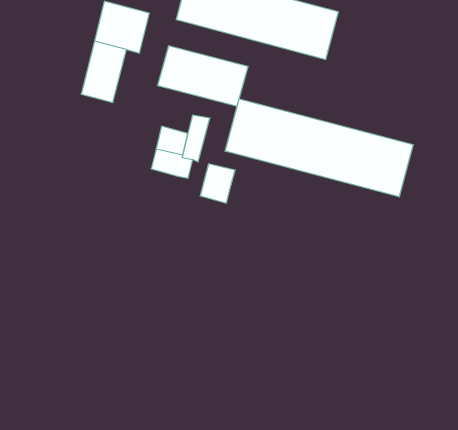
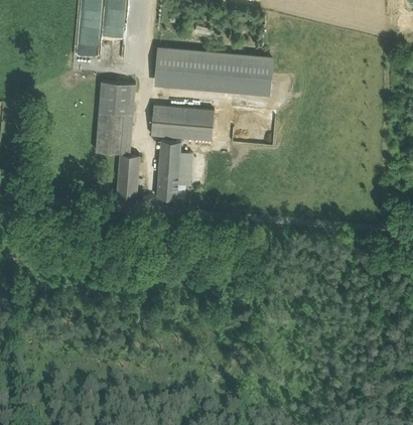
building: [225,99,413,197] -> none
building: none -> [116,154,139,196]
building: [200,164,235,203] -> [158,141,180,167]

